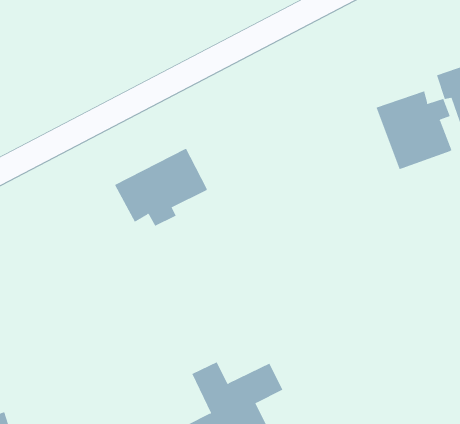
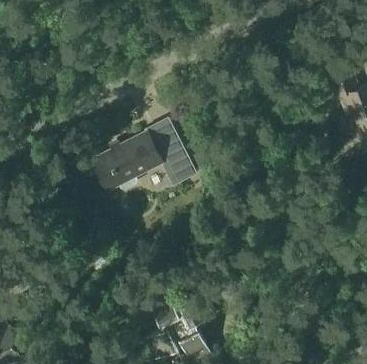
building: [376,91,452,170] -> none
building: none -> [144,120,195,186]

